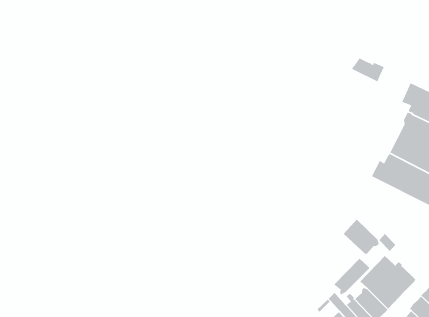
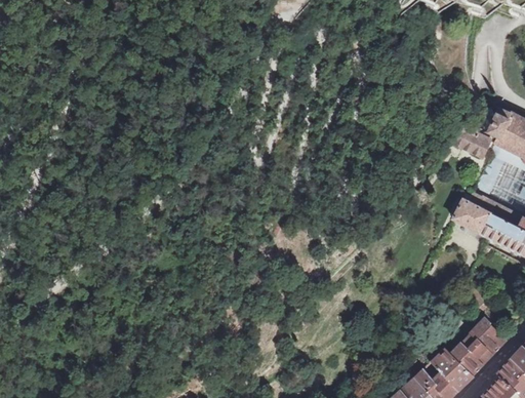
building: [351,57,385,82] -> [452,128,492,158]
building: [343,218,380,255] -> none
building: [333,258,371,296] -> none

